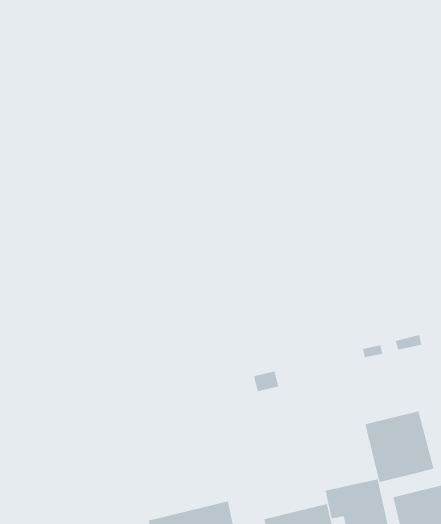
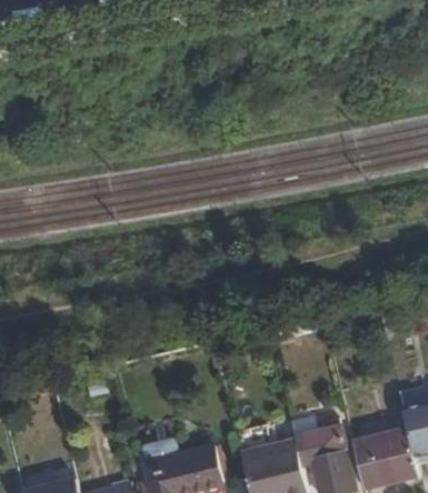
building: [365,411,434,483] -> none

